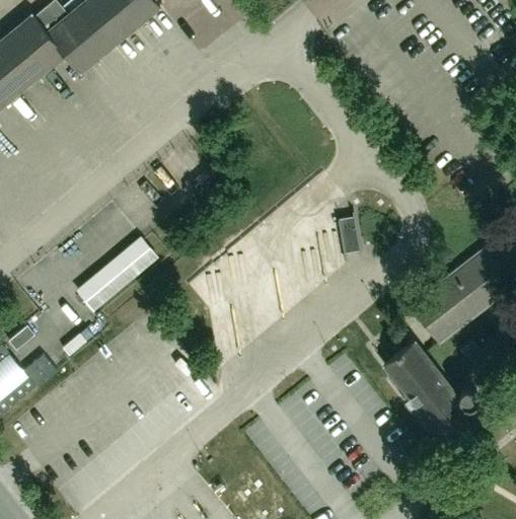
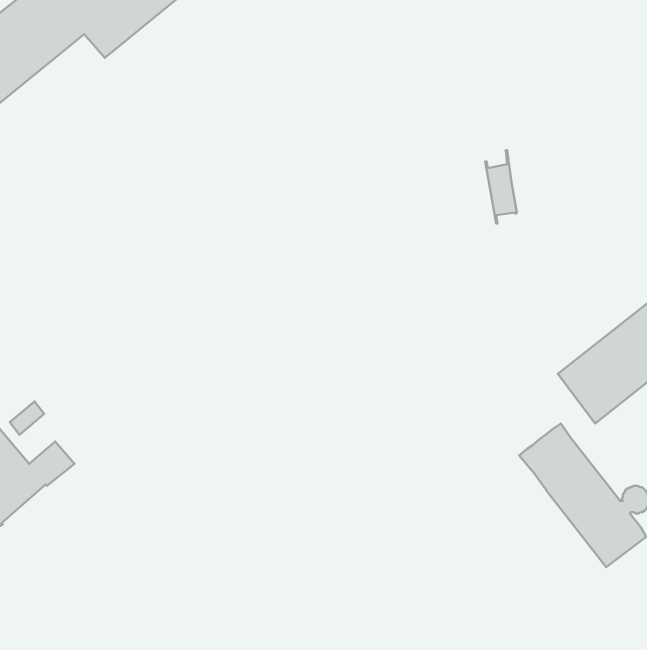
building: [337,207,360,261] -> [485,150,517,224]
building: [74,236,158,311] -> none

